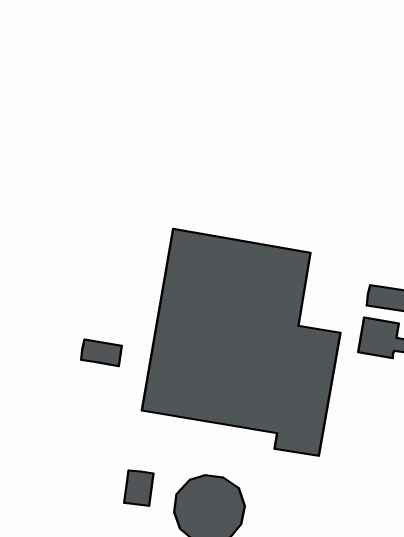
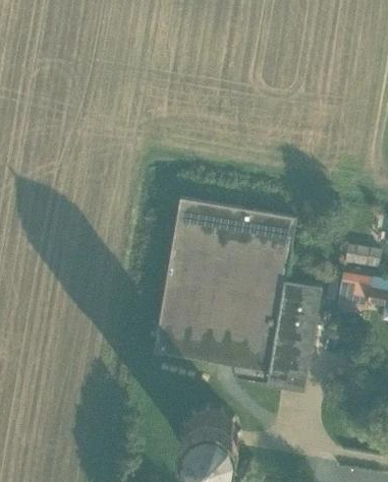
building: [81,339,122,366] -> none
building: [124,471,153,506] -> none

